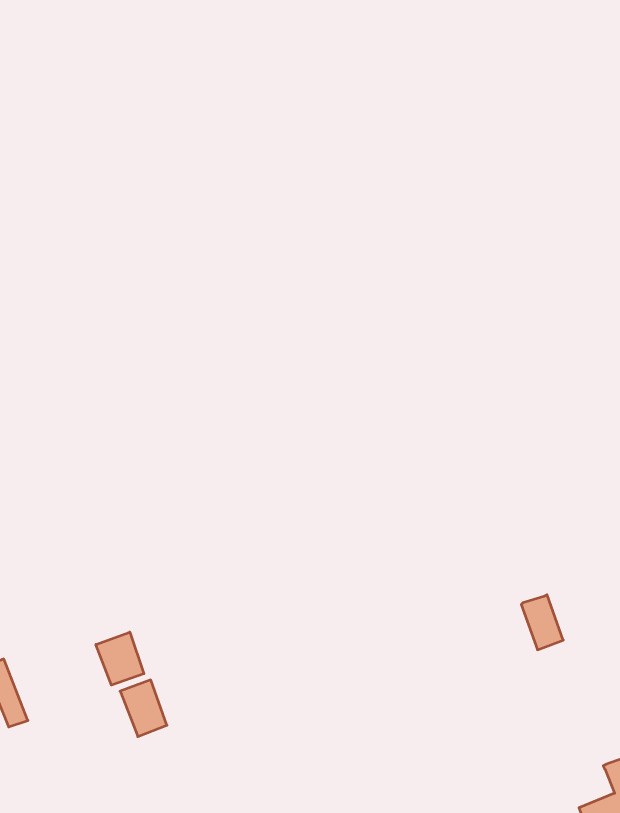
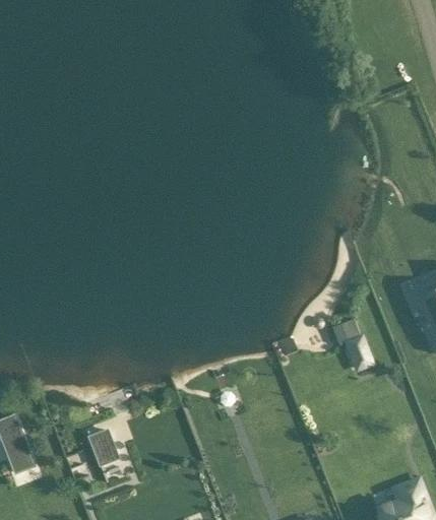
building: [521,595,563,650] -> [344,333,370,368]
building: [96,632,144,685] -> none

